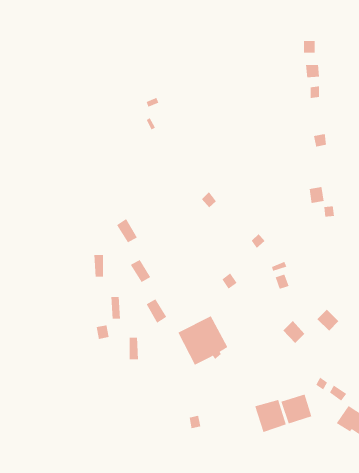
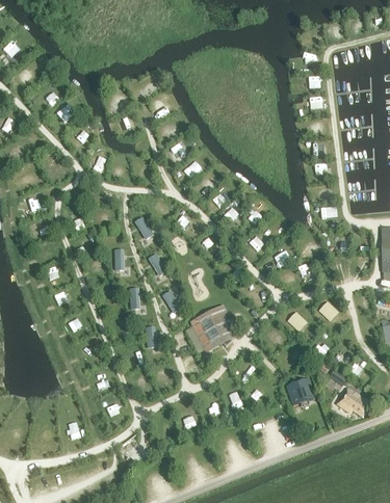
building: [254,399,287,433] -> none

